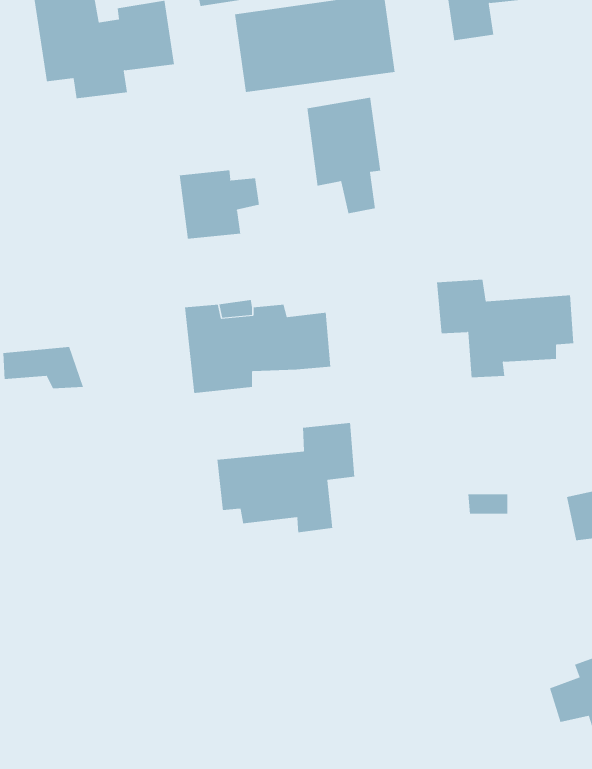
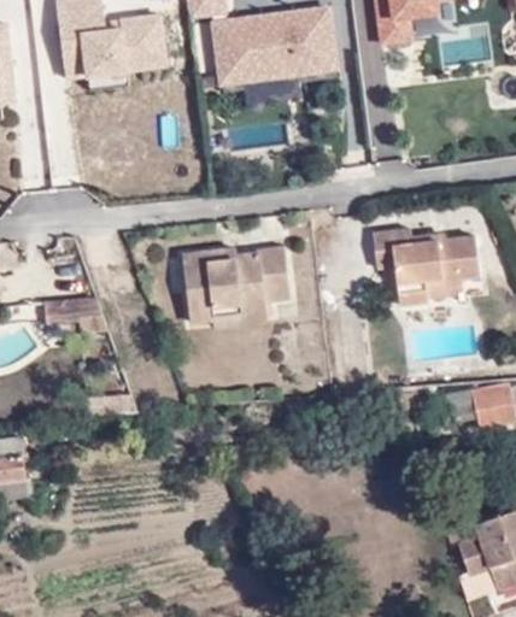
building: [307,97,381,214] -> none
building: [179,170,259,240] -> none
building: [217,422,355,533] -> none

